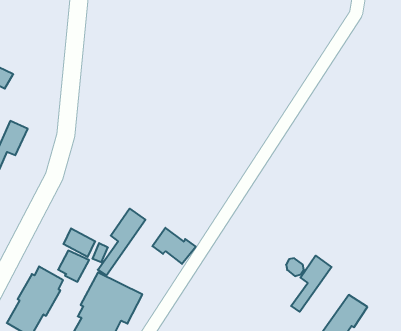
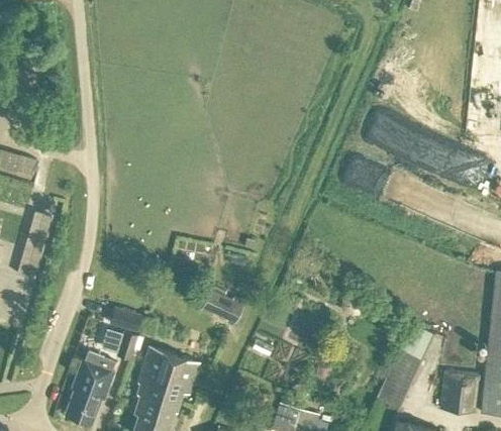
building: [98,209,145,275] -> none
building: [291,256,332,312] -> none

